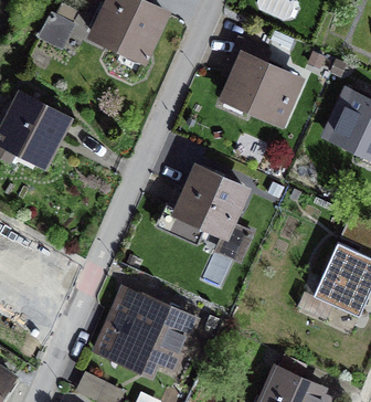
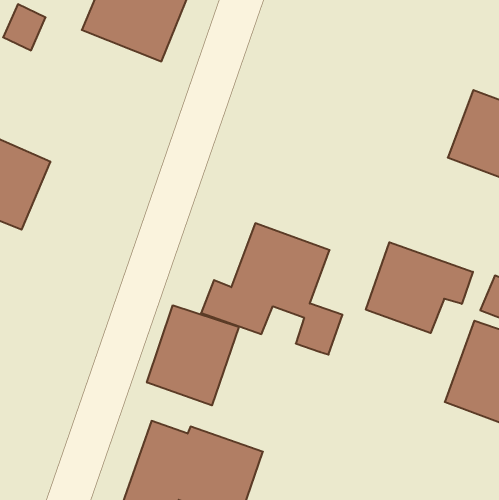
building: [224,40,298,118] -> none
building: none -> [366,242,473,333]
building: none -> [147,305,239,405]

